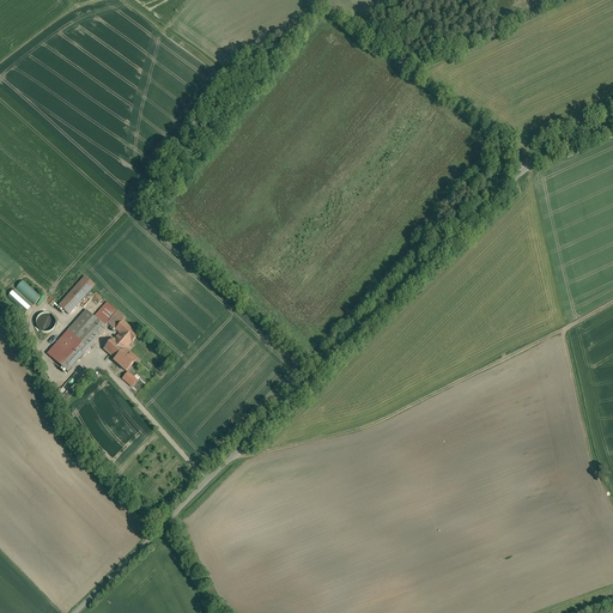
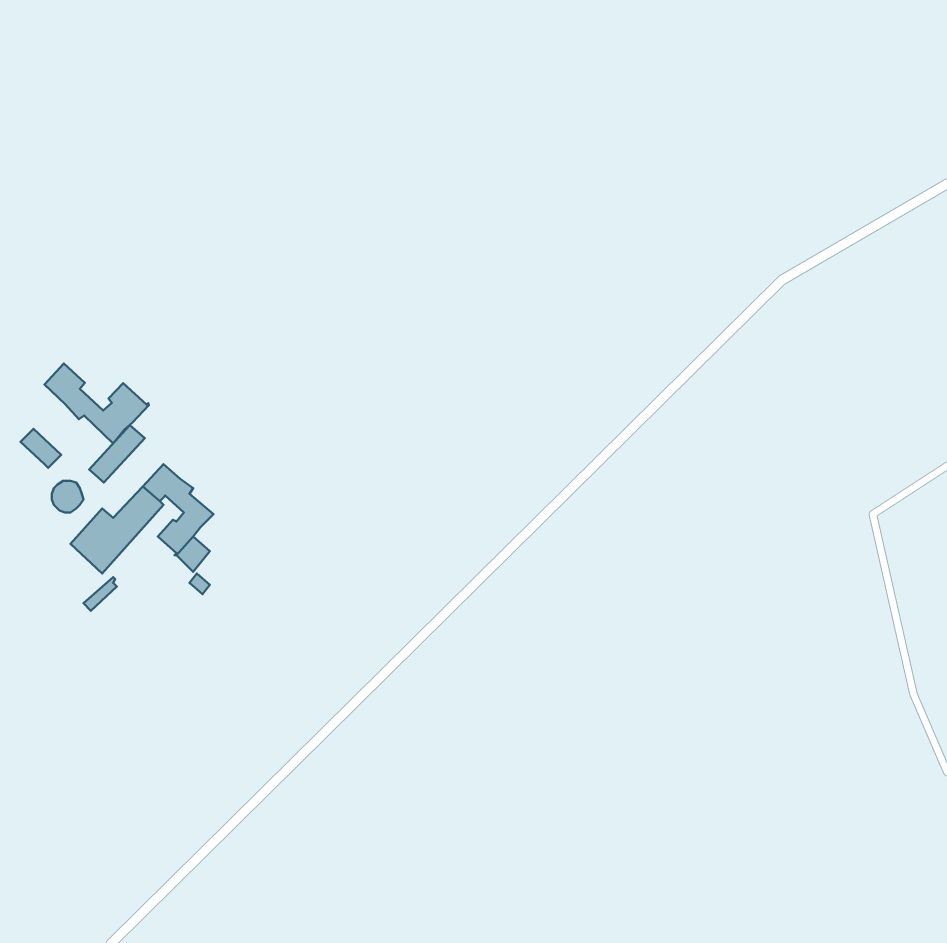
building: none -> [44,363,149,443]

